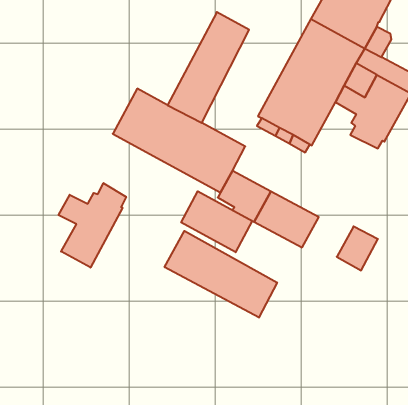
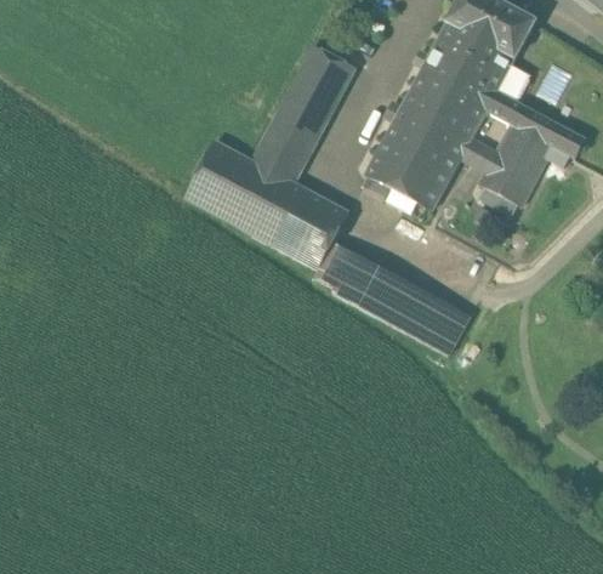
building: [58,183,126,268] -> none
building: [181,191,252,252] -> none
building: [337,226,378,270] -> [419,299,470,353]
building: [165,231,277,318] -> none

